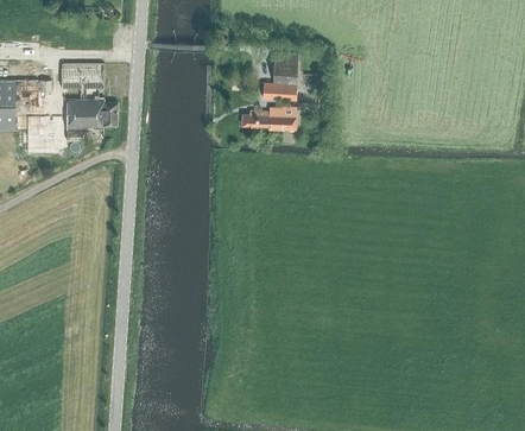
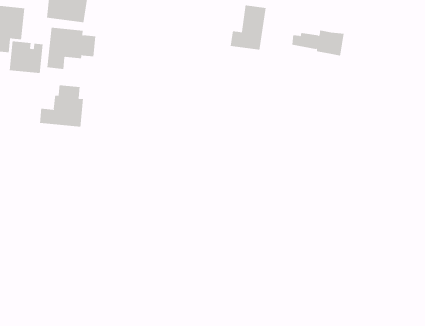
building: [241,106,297,132] -> [291,30,344,56]
building: none -> [39,84,84,128]

